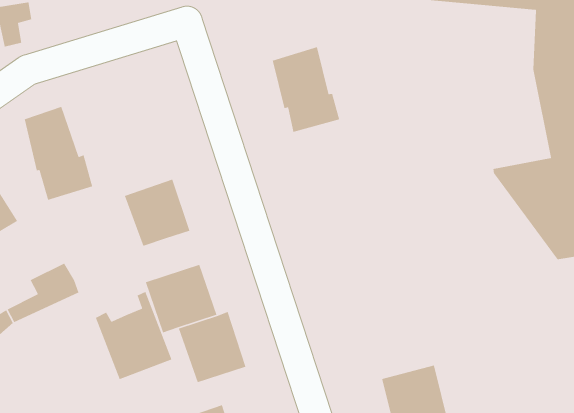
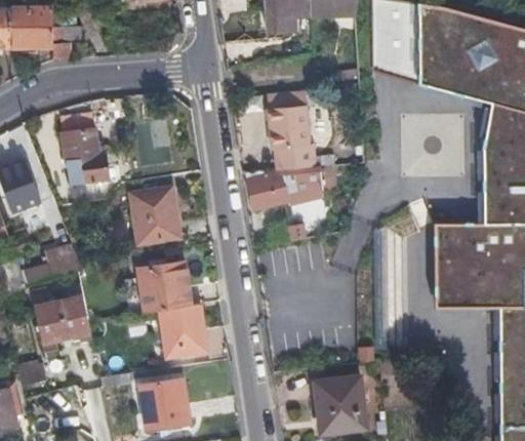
building: none -> [245,163,326,207]
building: none -> [435,229,475,309]
building: [95,291,173,380] -> [35,281,92,350]

